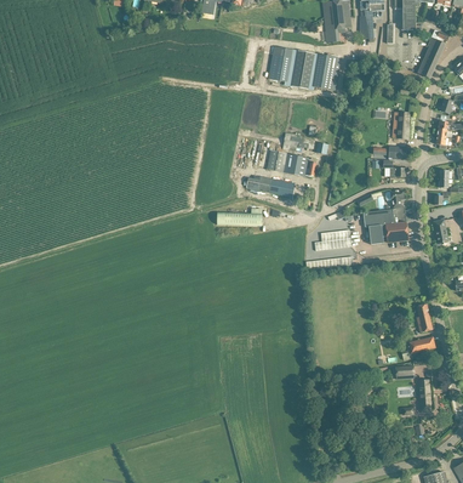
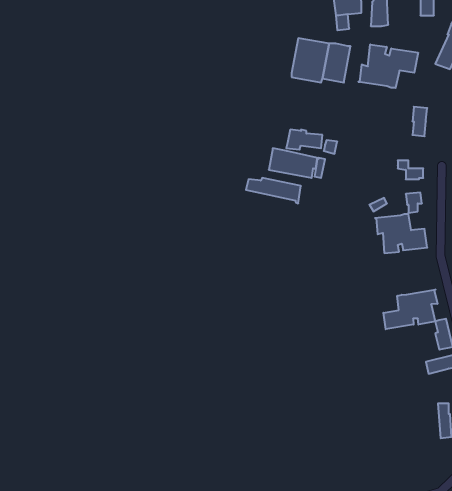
building: [268,46,293,81] -> none
building: none -> [358,44,418,88]
building: none -> [383,290,437,329]

